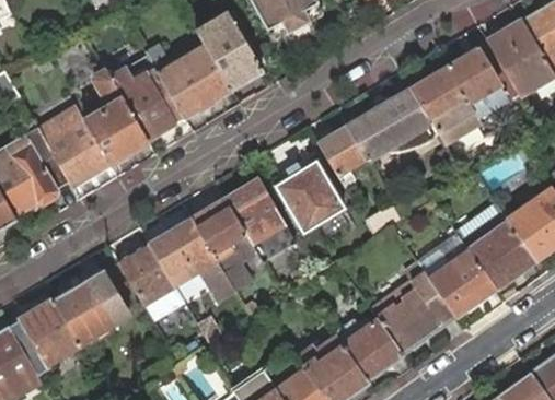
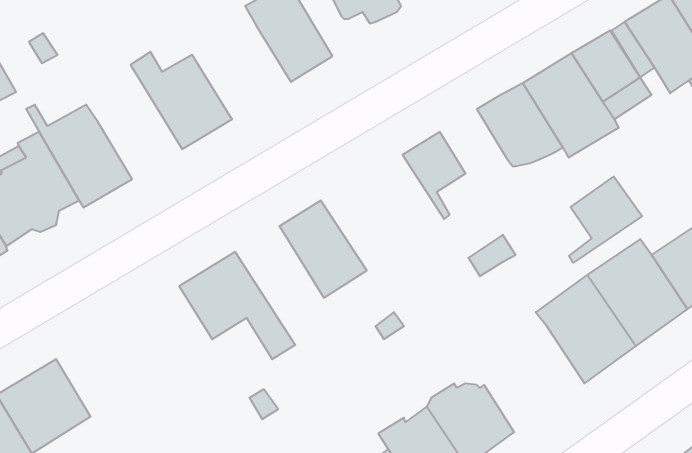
building: [146,43,231,115] -> none
building: [83,69,148,162] -> none
building: [345,108,401,163] -> none
building: none -> [569,177,642,263]
building: [277,162,348,233] -> none
building: [188,198,256,292] -> none
building: [116,244,183,321] -> none
building: [51,271,127,343] -> none
building: [373,273,455,355] -> none

